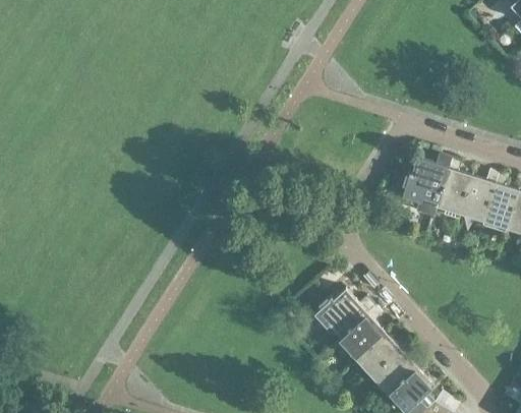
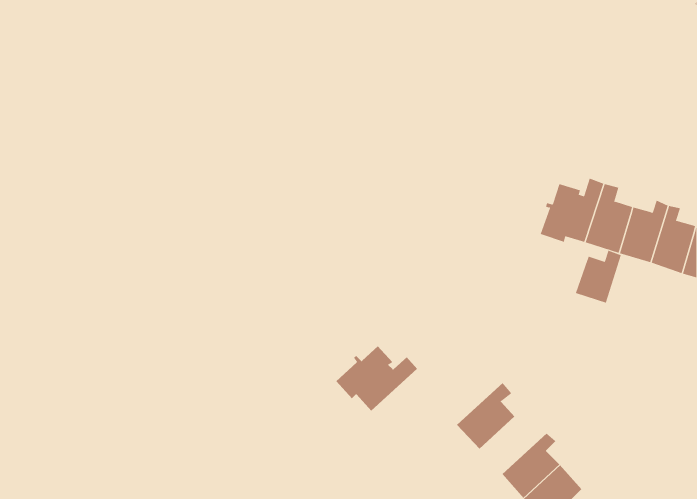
building: none -> [575,250,622,304]
building: [312,293,373,342] -> [335,346,418,411]
building: [356,336,406,378] -> none

